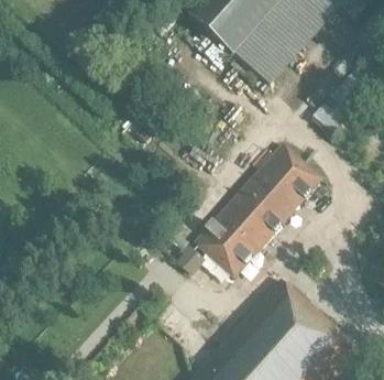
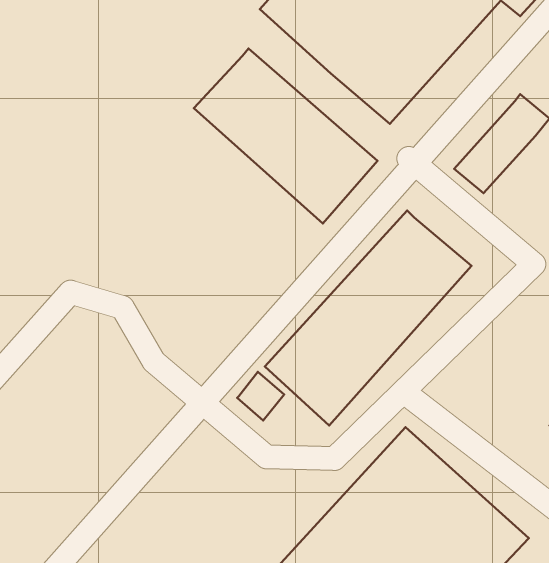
building: none -> [194,48,378,224]

